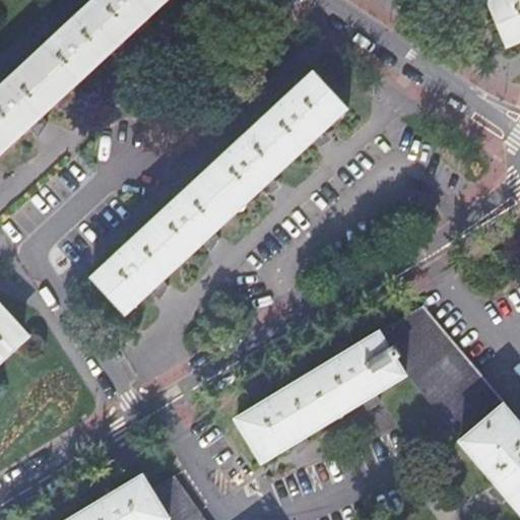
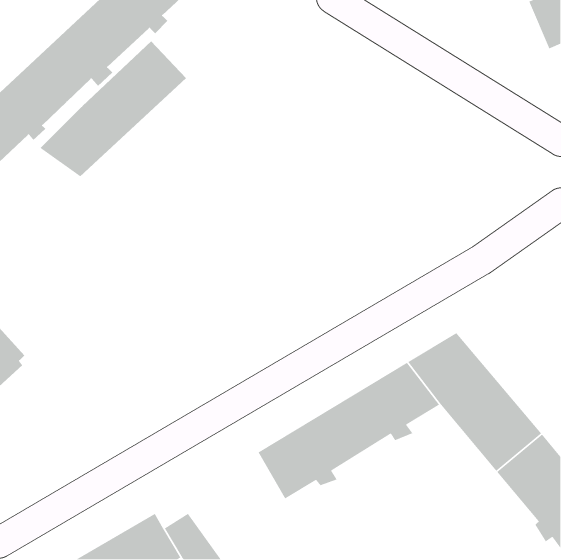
building: none -> [39,41,187,177]
building: [90,70,346,314] -> none

